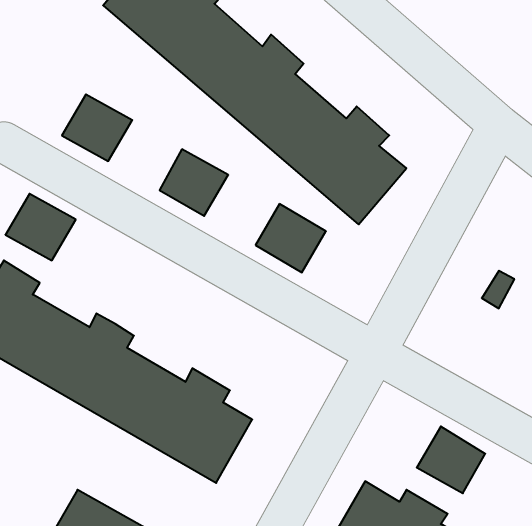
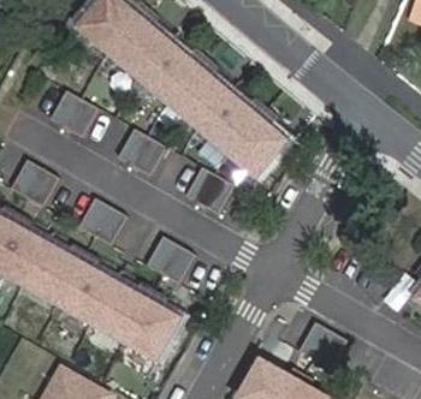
building: none -> [77,197,125,244]
building: none -> [144,236,194,282]

